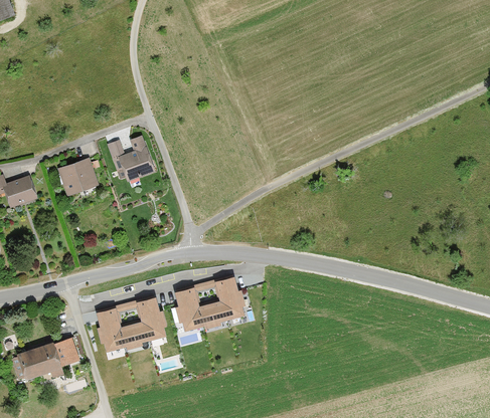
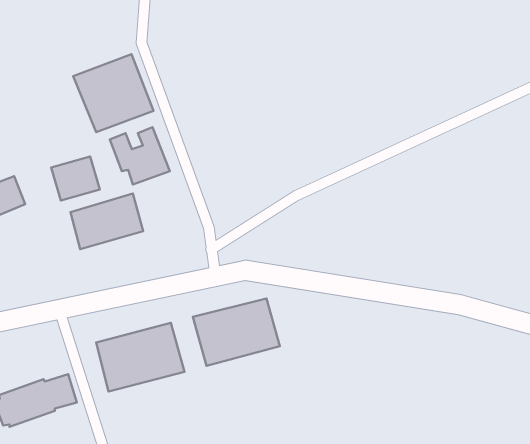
building: none -> [73,54,153,132]
building: none -> [70,194,143,249]

